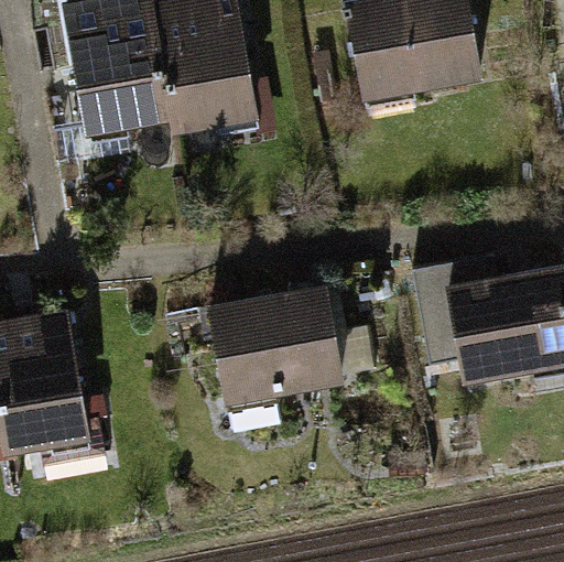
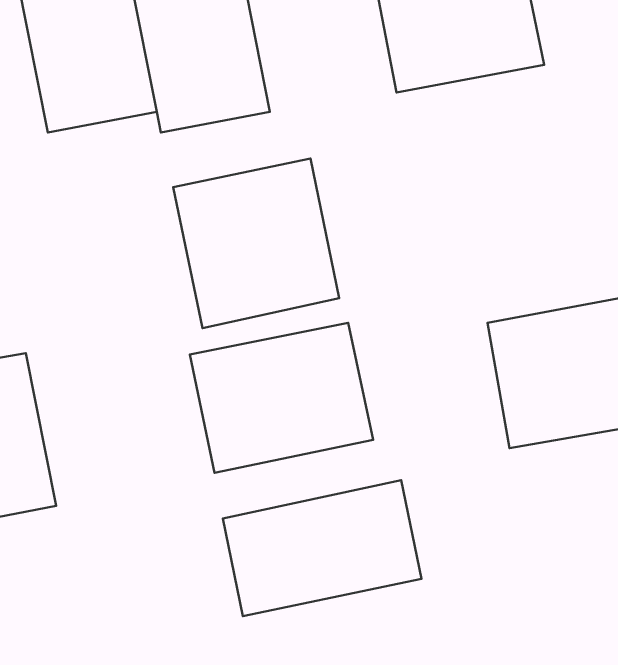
building: none -> [173,158,339,328]
building: none -> [223,480,422,616]

